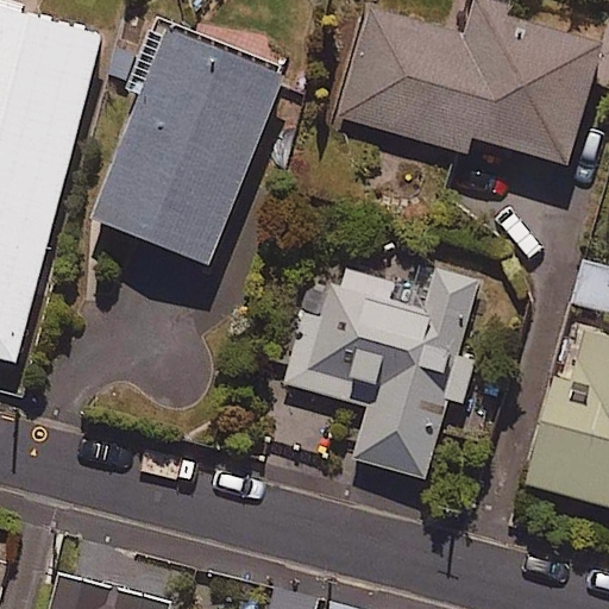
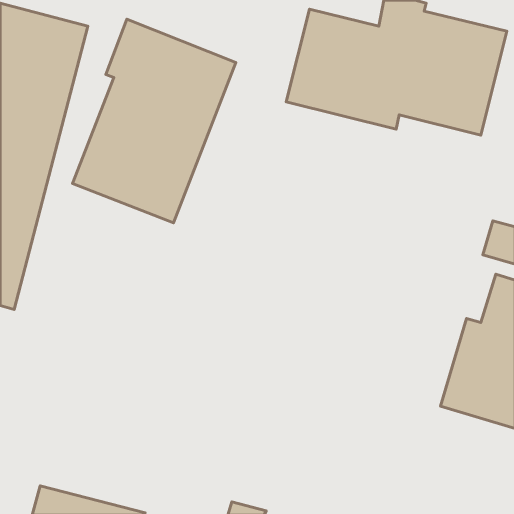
building: [284,258,477,478] -> none

